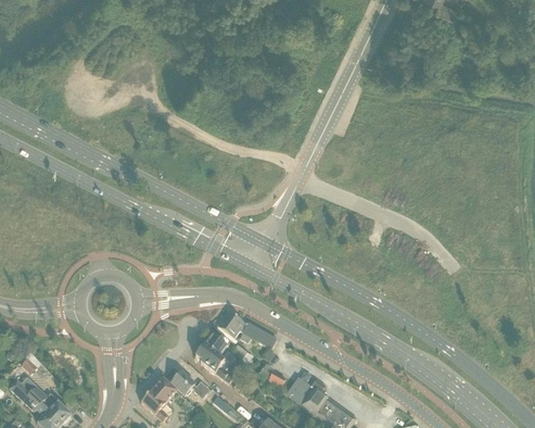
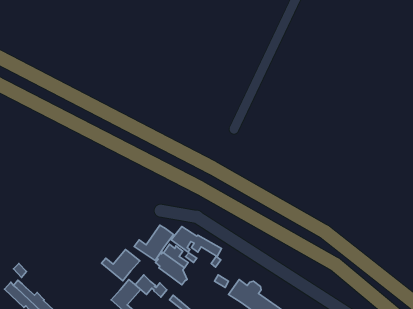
building: none -> [134,225,174,261]
building: none -> [102,249,140,281]

